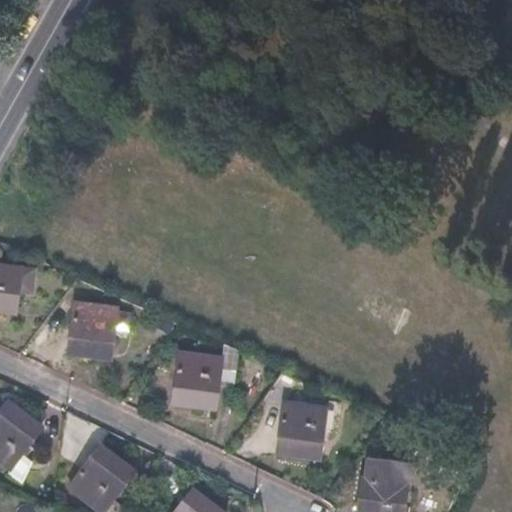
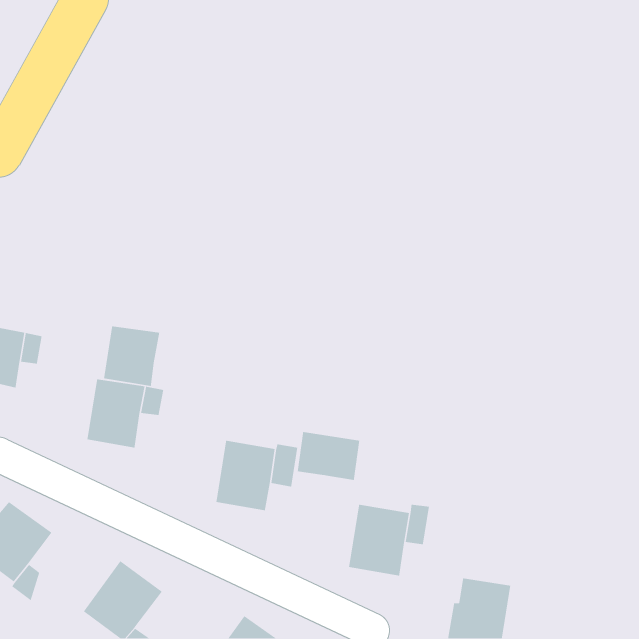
building: none -> [103,325,160,387]
building: none -> [297,431,360,481]

